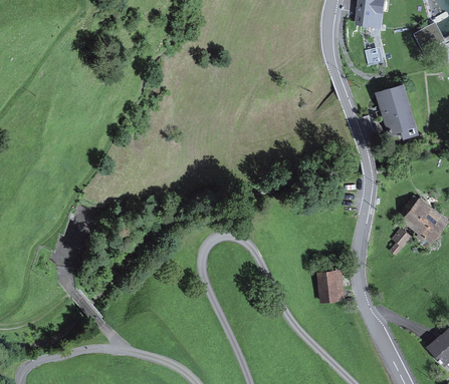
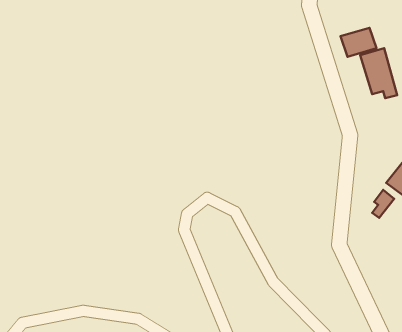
building: none -> [340,28,377,57]
building: [318,270,343,299] -> none

